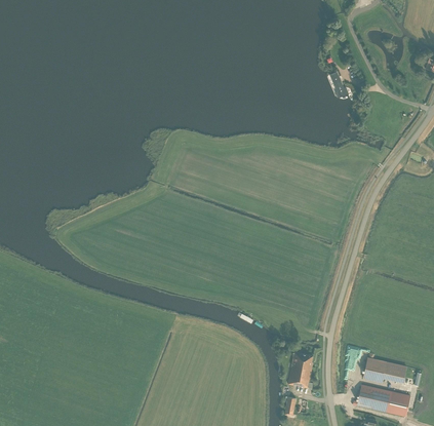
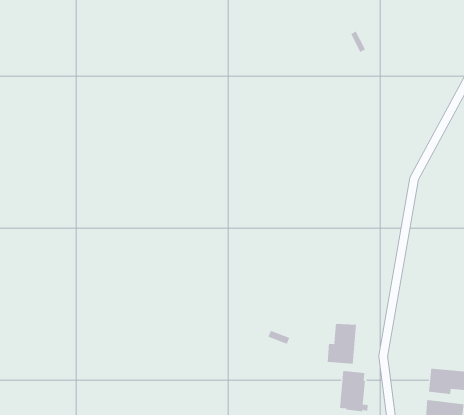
building: none -> [327,323,357,365]

